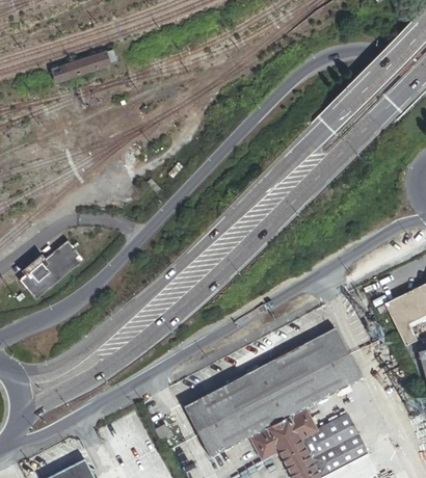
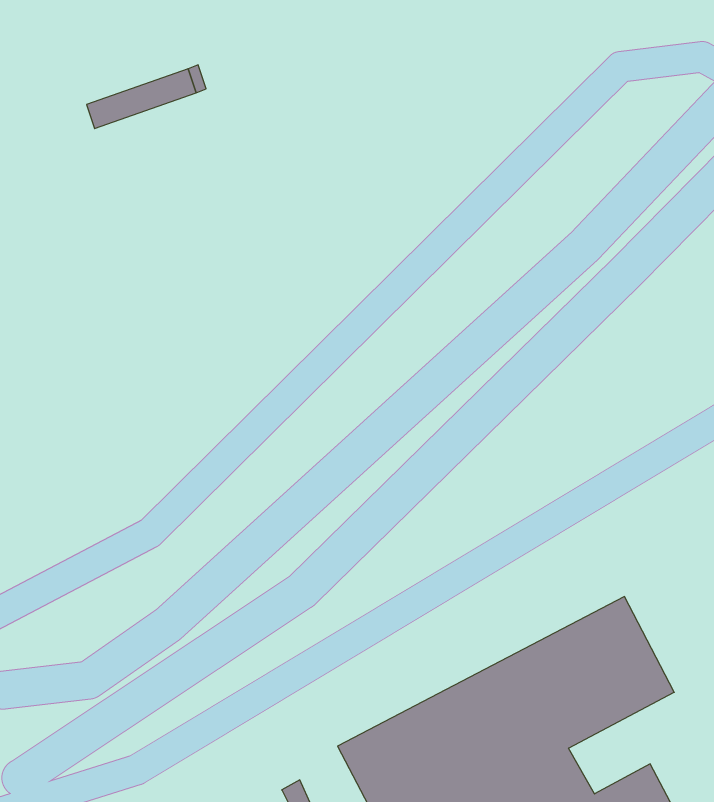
building: [21,240,85,299] -> none

